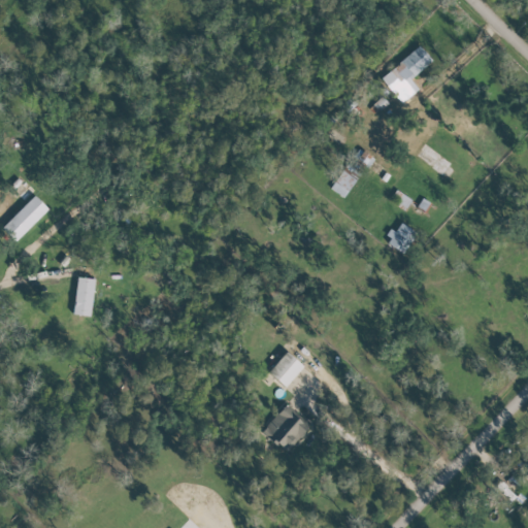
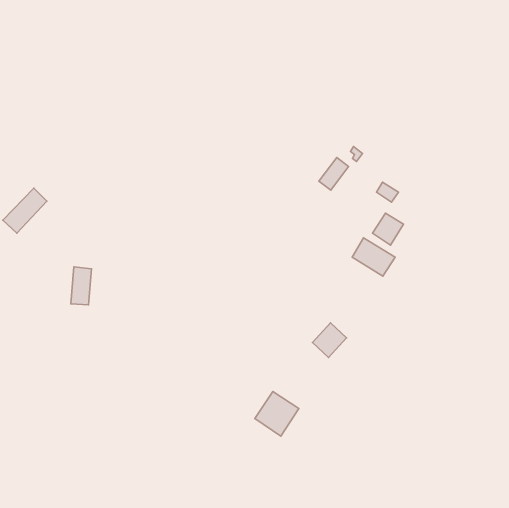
building: [381,44,433,102] -> none
building: none -> [352,238,395,276]
building: [270,351,305,387] -> [313,323,346,358]

